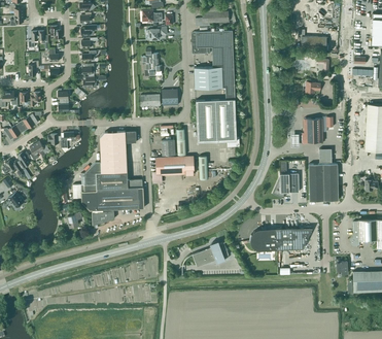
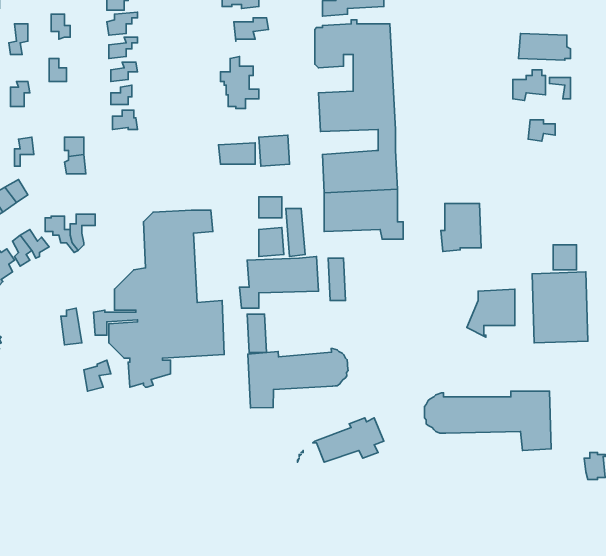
building: [302,118,323,144] -> [441,204,481,252]
building: none -> [248,349,348,408]

